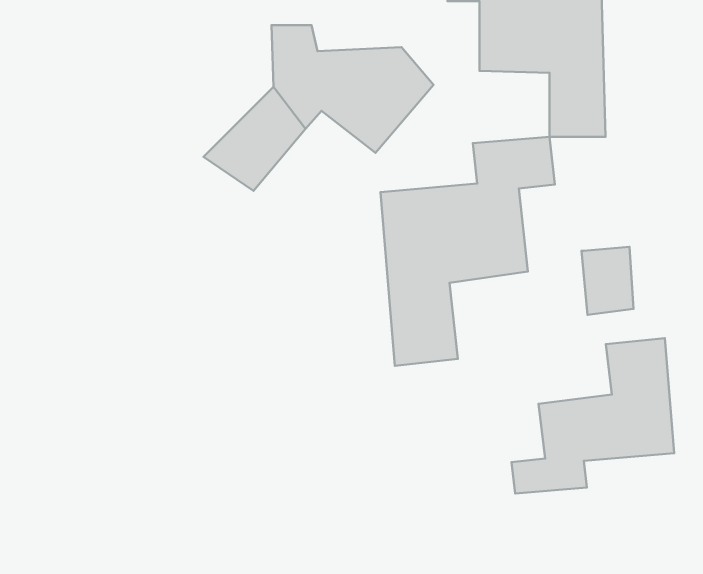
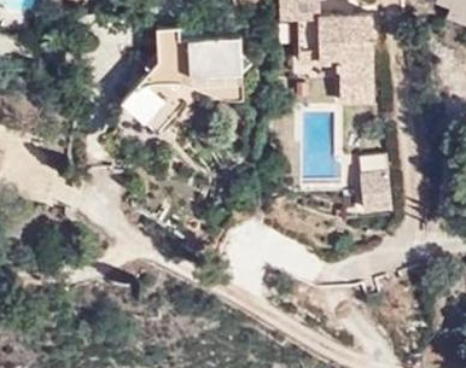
building: [380,137,555,366] -> none
building: [511,338,674,494] -> none

